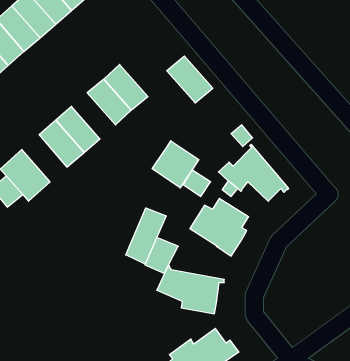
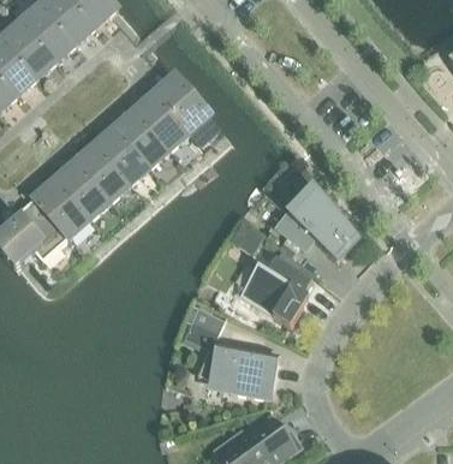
building: [167,56,213,103] -> [154,72,210,130]
building: none -> [95,125,149,182]
building: none -> [34,177,89,234]
building: [152,141,199,188] -> none
building: [126,208,166,264] -> none

